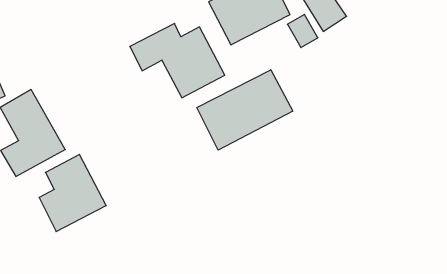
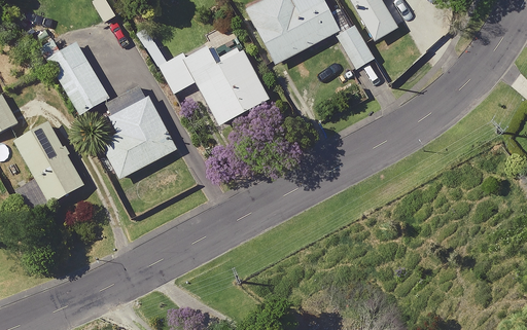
building: none -> [36,24,105,108]
building: [197,70,293,150] -> none
building: [39,154,106,232] -> [97,87,174,176]

